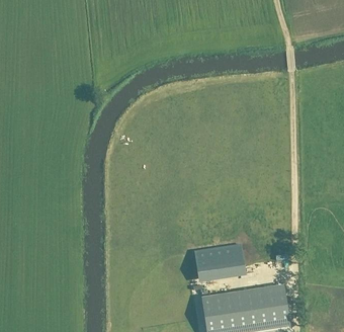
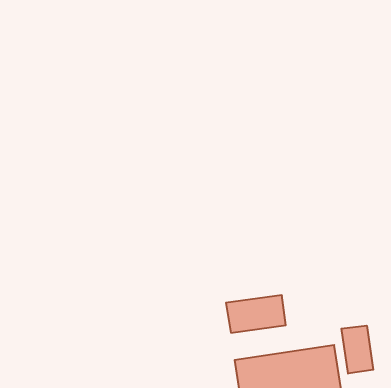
building: none -> [341,326,373,374]

